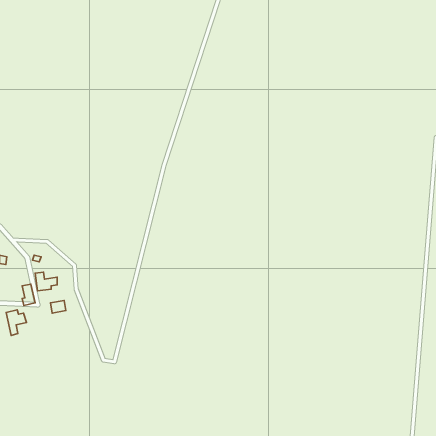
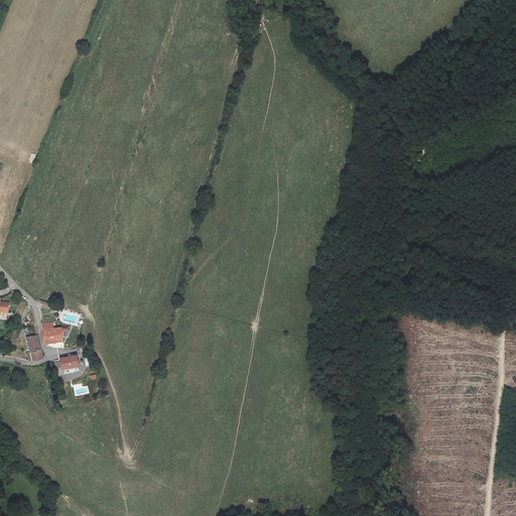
building: [6,310,27,335] -> none

